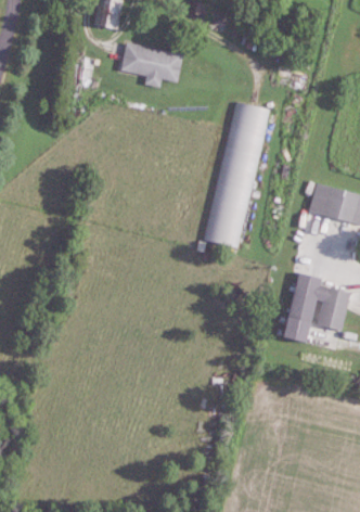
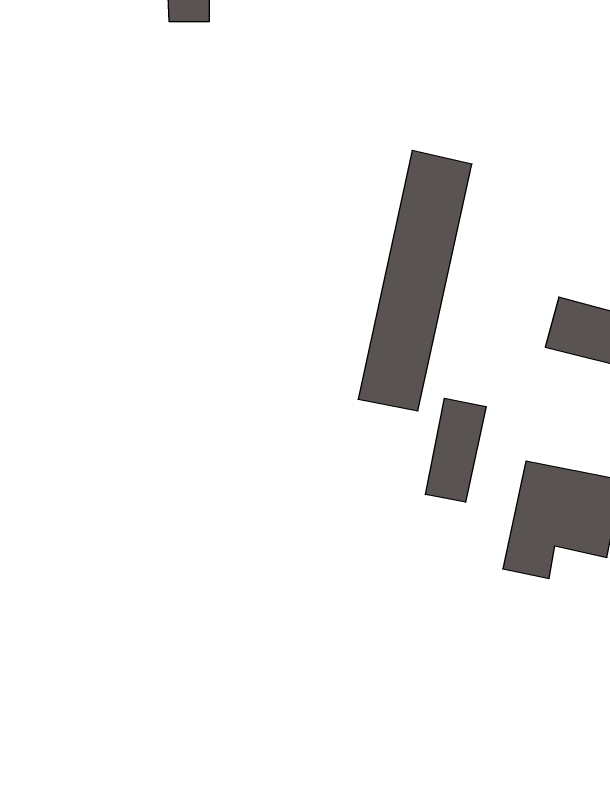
building: [121,44,183,87] -> none
building: none -> [425,398,486,502]

